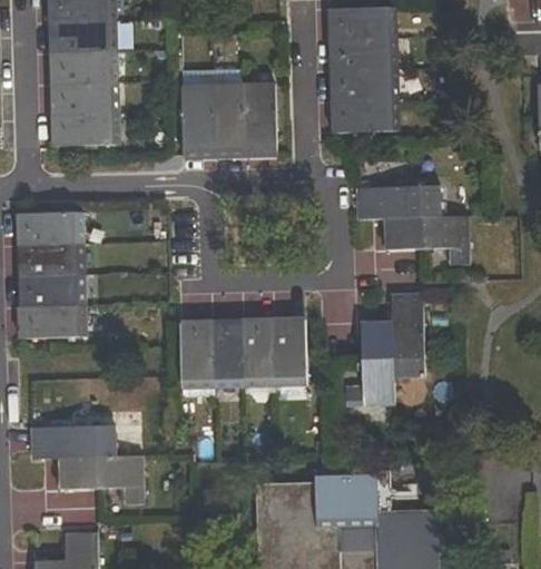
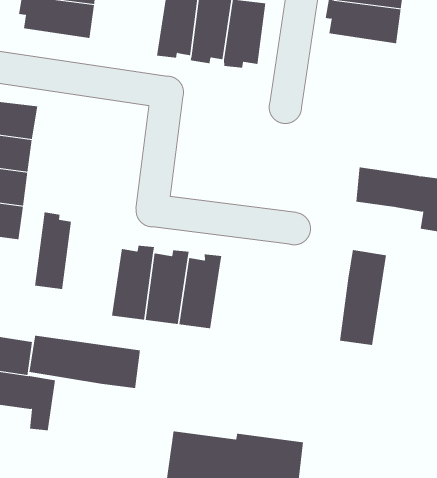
building: [331,100,400,131] -> none
building: [355,184,440,219] -> none
building: none -> [34,211,72,290]
building: [273,317,305,386] -> none
building: [344,320,393,406] -> none
building: none -> [29,335,140,389]

